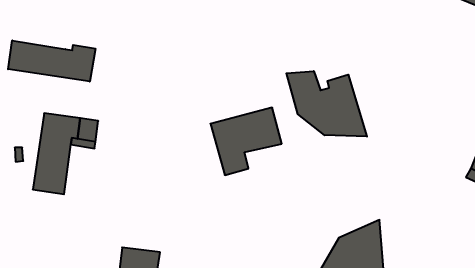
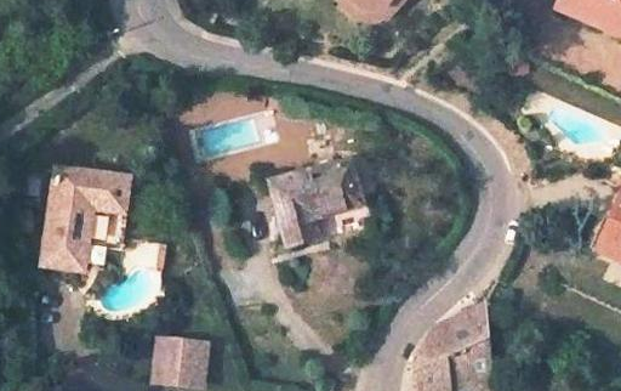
building: [8,40,95,82] -> none
building: [286,71,367,137] -> none

